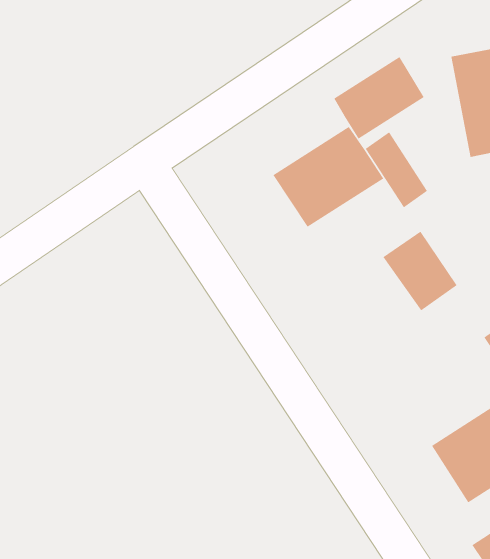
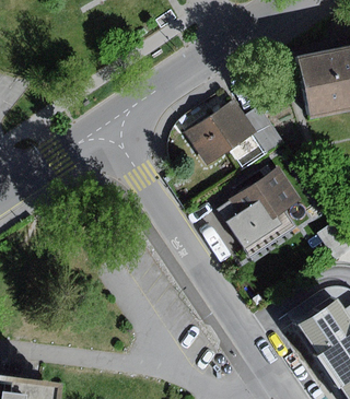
building: [334,56,424,139] -> none
building: none -> [220,183,284,249]

